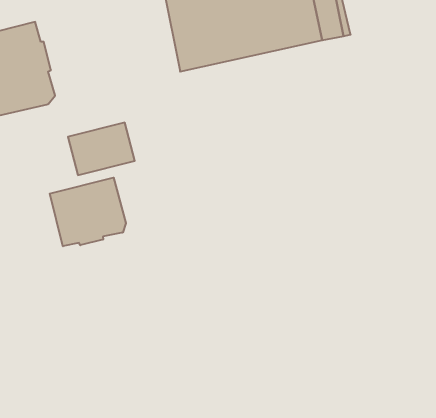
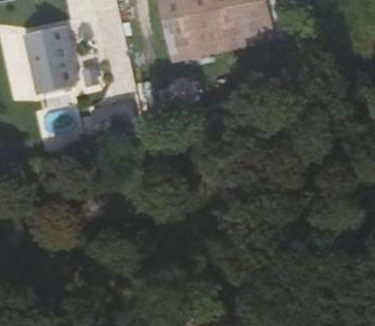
building: [50,178,126,246] -> none

